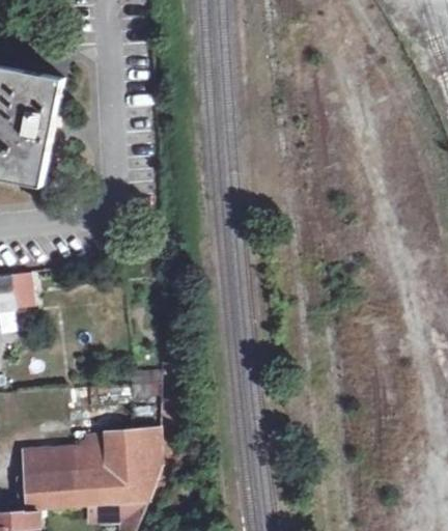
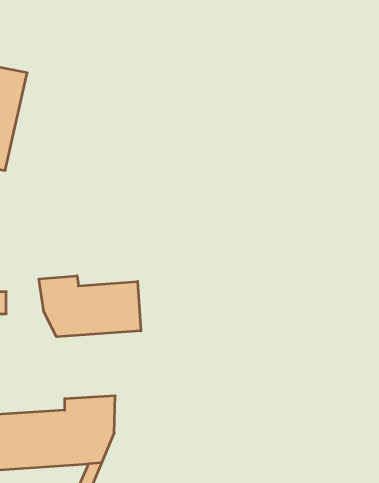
building: none -> [39,276,141,337]

